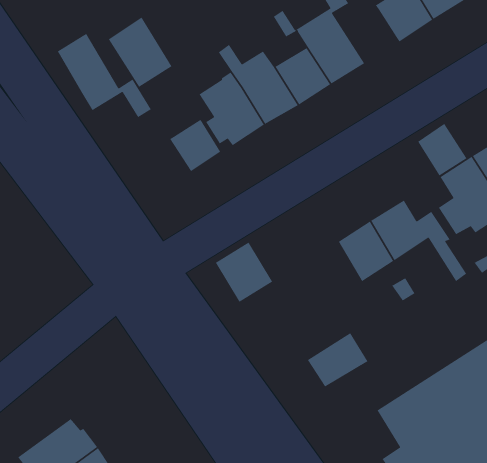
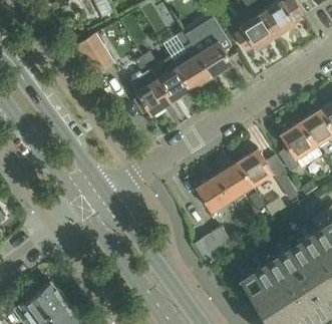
building: [57,33,152,118] -> none
building: [169,119,221,172] -> none
building: [417,123,468,177] -> none
building: [215,241,273,303] -> [195,175,231,213]

